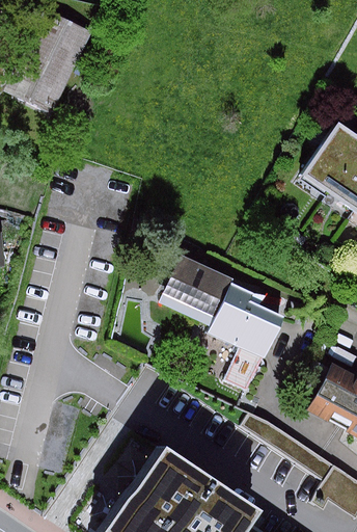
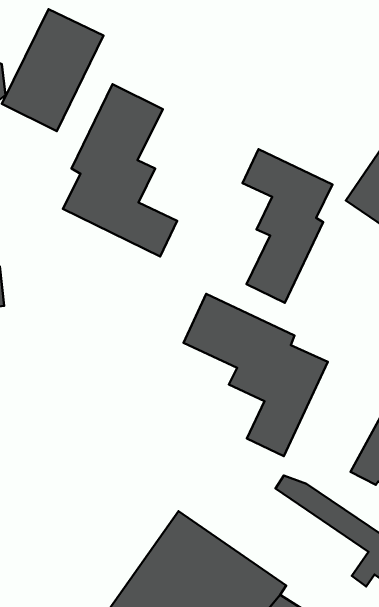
building: none -> [63,84,177,256]
building: none -> [243,149,333,303]

